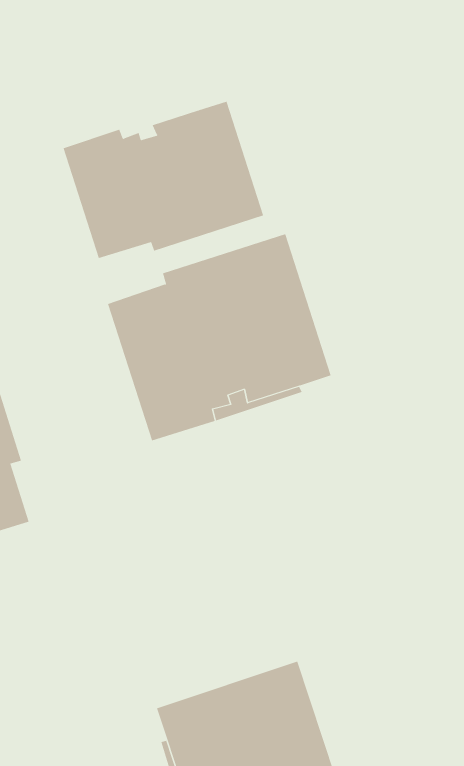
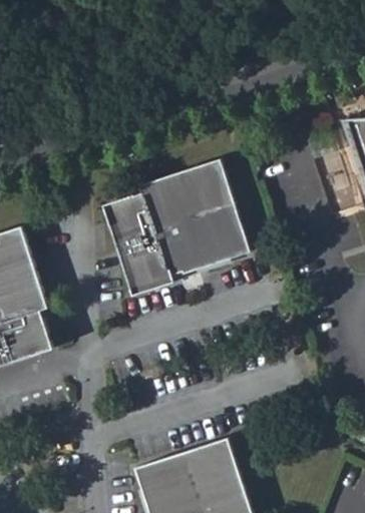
building: [63,101,264,259] -> none

